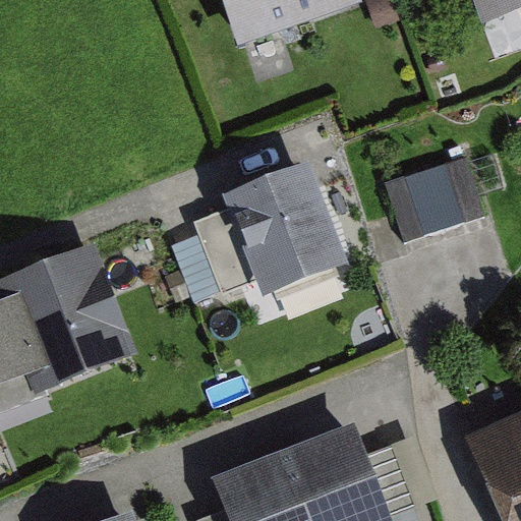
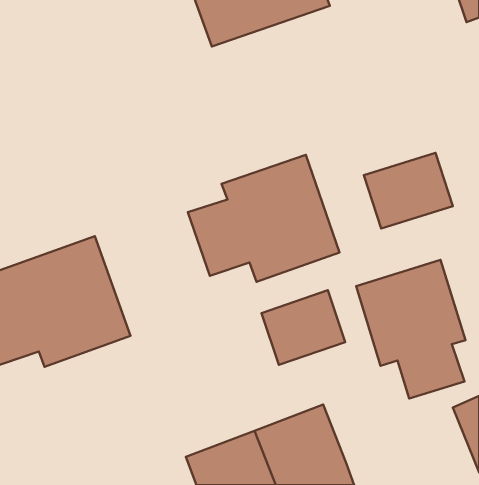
building: none -> [356,260,466,398]
building: none -> [262,290,345,365]

